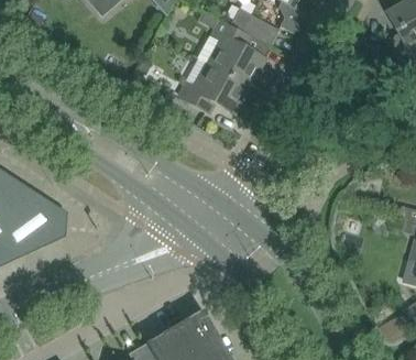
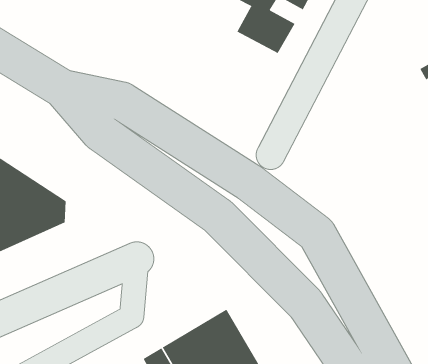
building: [177,64,249,113] -> none

